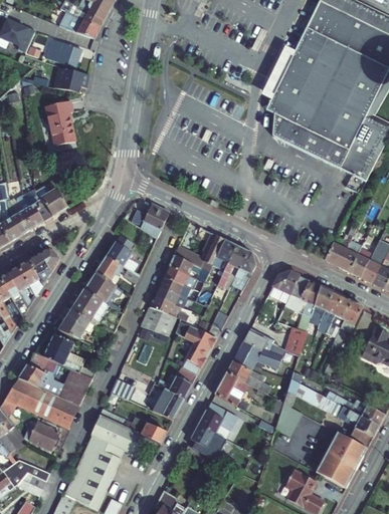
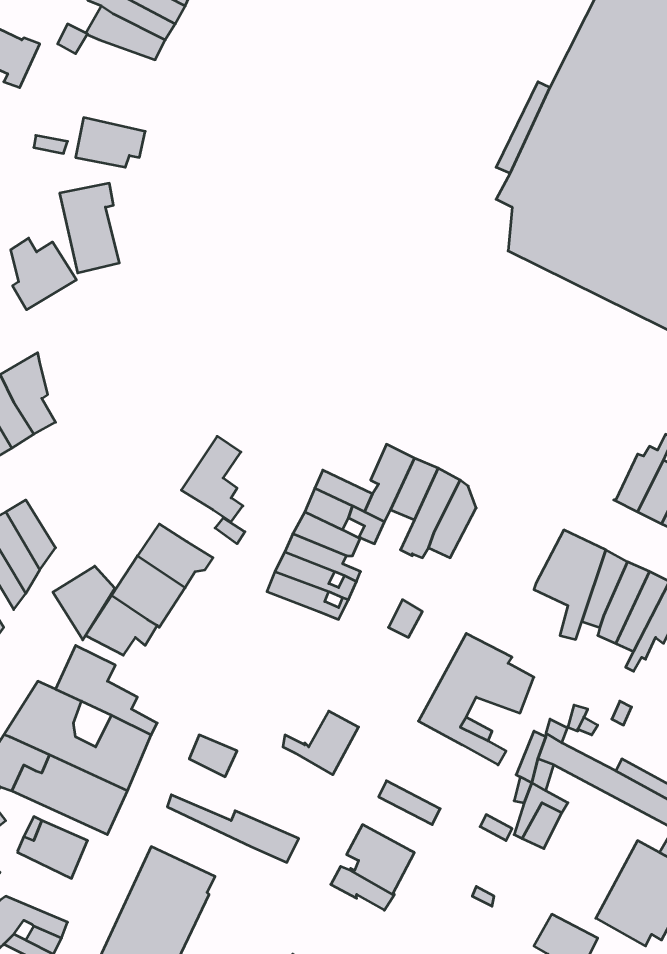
building: [45,39,81,67] -> none
building: [35,185,68,221] -> [11,238,76,310]
building: [139,203,169,238] -> none
building: [28,247,59,284] -> [53,566,115,640]
building: [95,255,123,281] -> none
building: [267,270,300,302] -> none
building: [141,306,176,335] -> none
building: [175,320,216,366] -> none
building: [284,326,306,354] -> none
building: [214,371,248,410] -> none
building: [153,388,183,420] -> none
building: [198,410,233,439] -> none
building: [90,415,142,454] -> none

